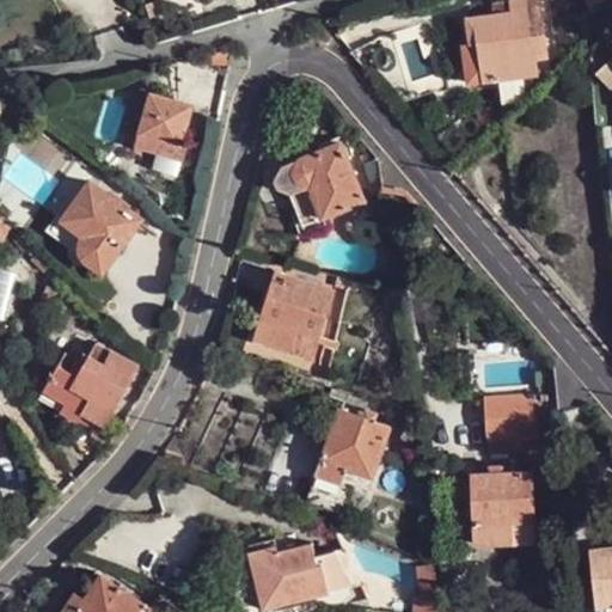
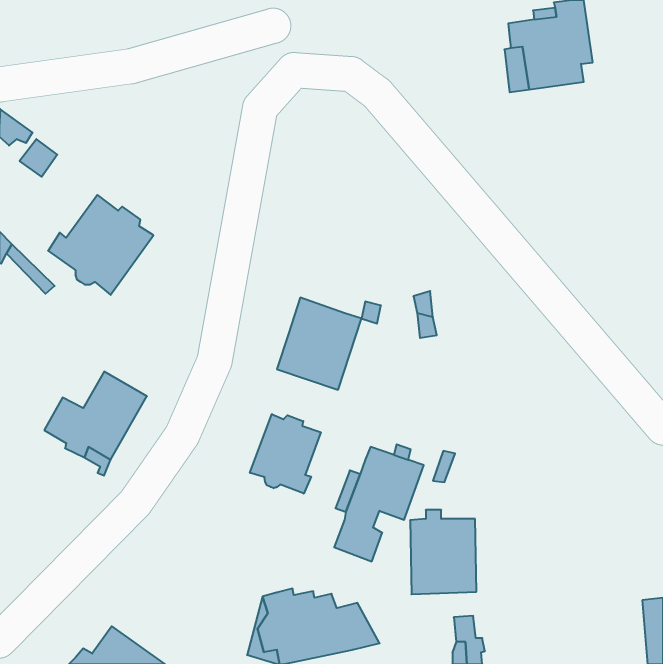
building: [135,93,191,172] -> none
building: [274,146,363,232] -> none
building: none -> [250,414,321,494]
building: [484,396,541,443] -> none
building: [473,467,534,545] -> [410,510,476,594]

